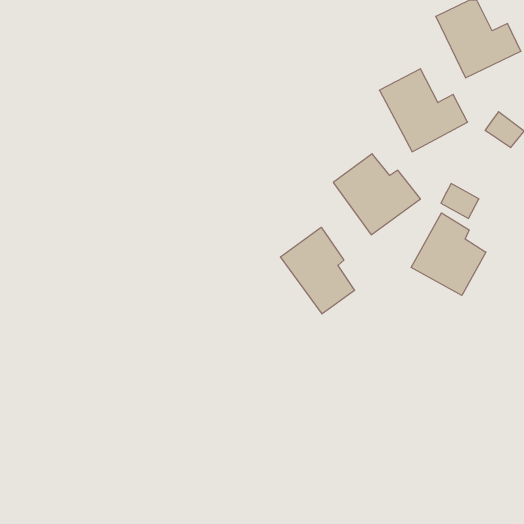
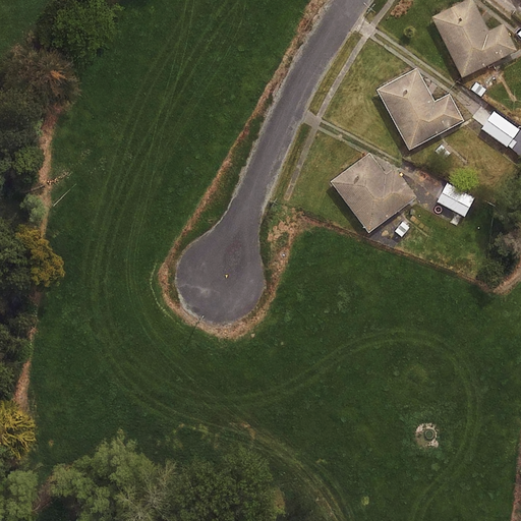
building: [411,213,486,295] -> none
building: [280,227,355,314] -> none

